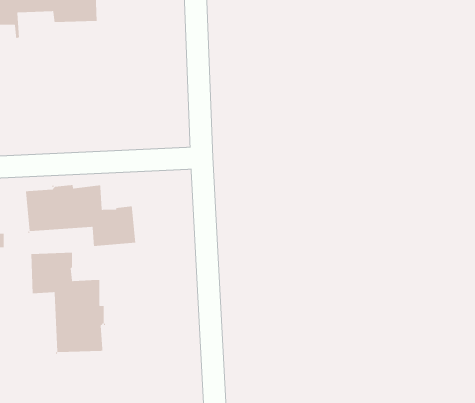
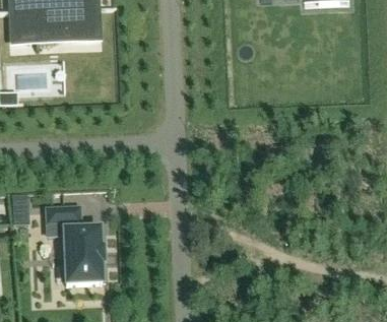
building: [25,184,136,247] -> none

